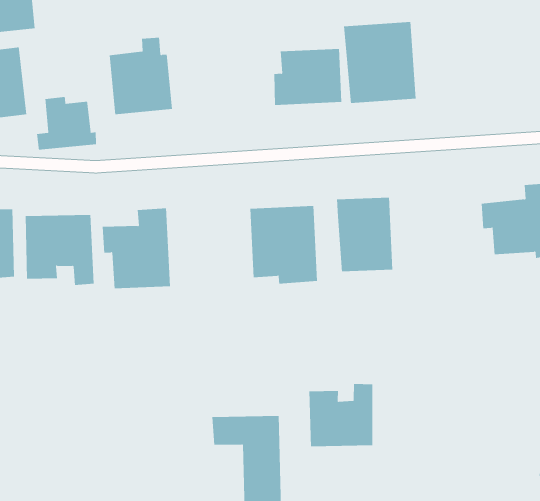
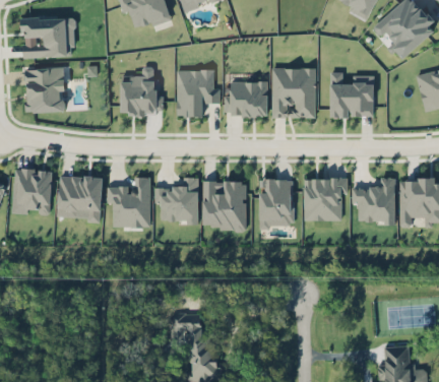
building: none -> [329,71,374,116]
building: none -> [176,69,220,116]
building: [36,96,96,150] -> none
building: none -> [303,177,347,219]
building: none -> [154,176,198,224]
building: [309,383,373,447] -> none

